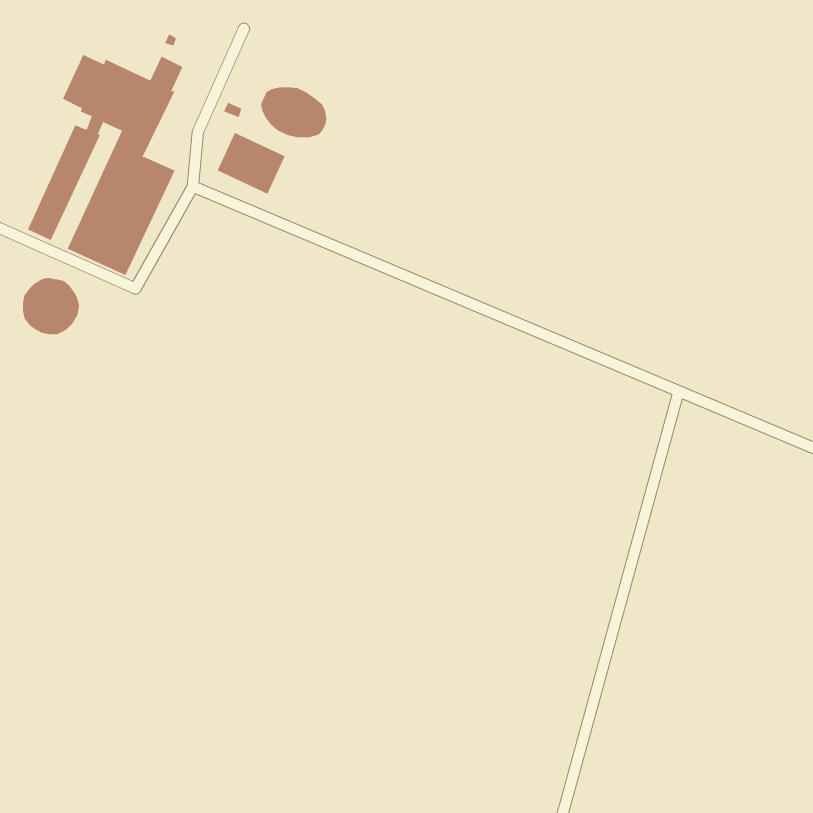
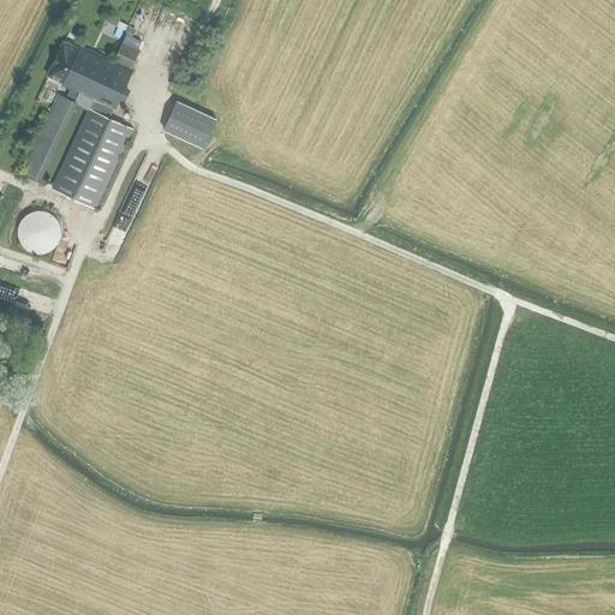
building: [261,86,327,138] -> none

